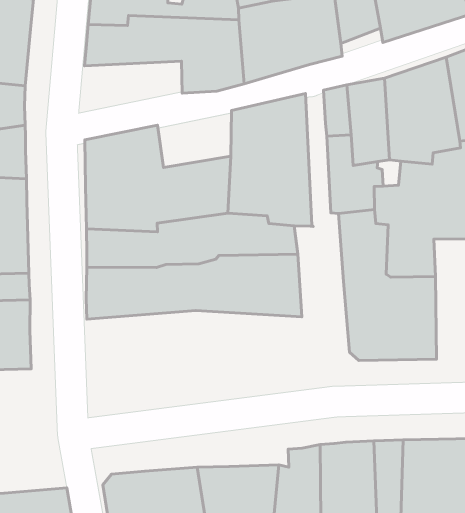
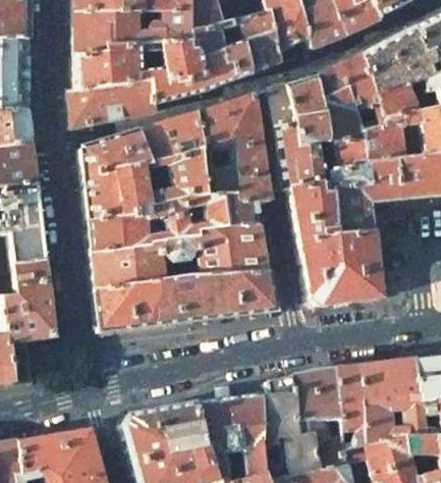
building: none -> [69,77,157,127]
building: none -> [139,113,200,164]
building: none -> [97,273,276,330]

